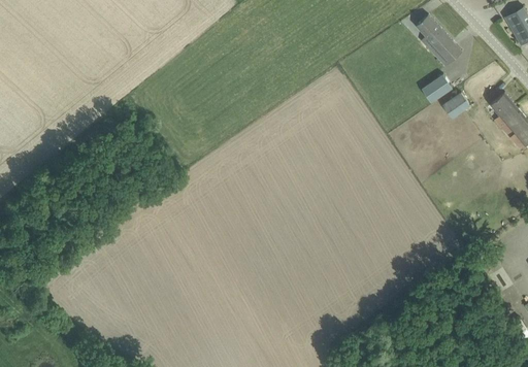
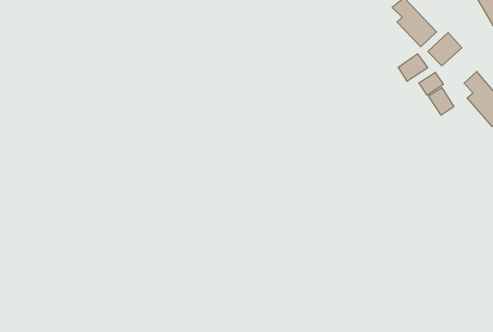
building: none -> [428,33,462,66]
building: none -> [429,88,454,115]

